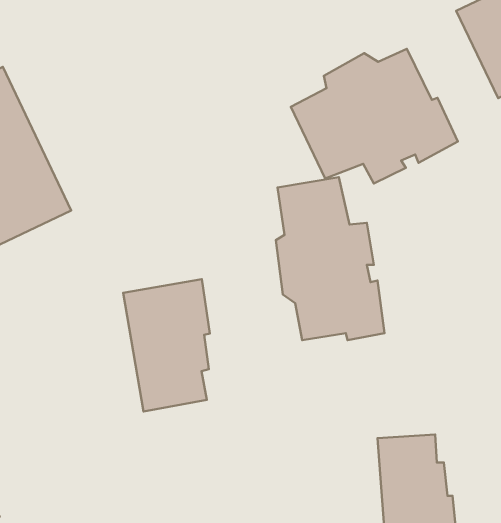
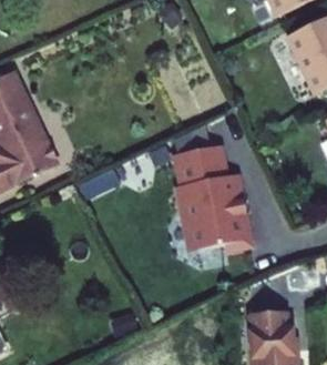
building: [291,49,458,184] -> none
building: [123,279,210,412] -> none

